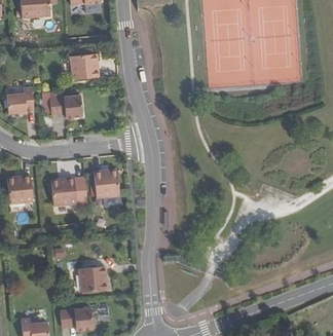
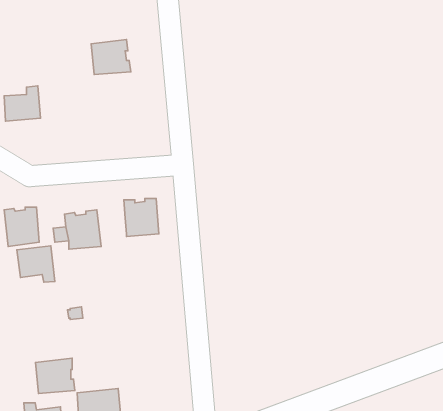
building: [49,96,81,117] -> none
building: none -> [17,246,55,282]
building: [78,266,107,292] -> [36,358,75,393]

